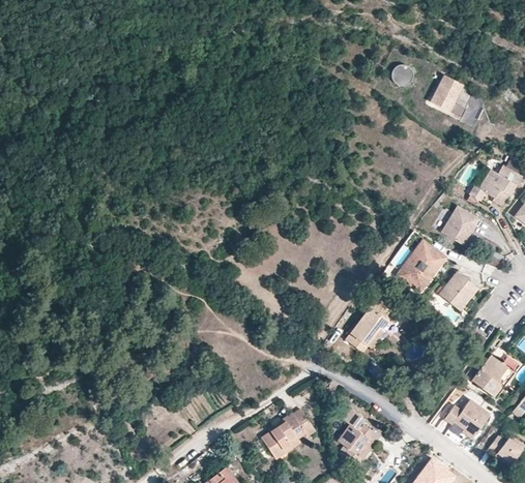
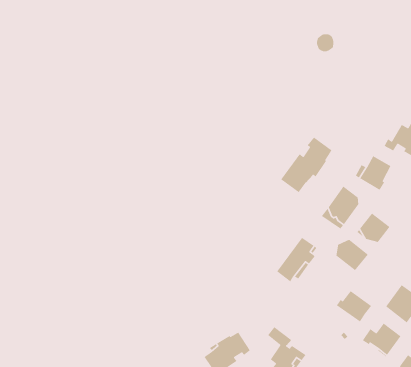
building: [430,74,466,117] -> none
building: none -> [280,137,332,193]
building: none -> [336,239,369,271]
building: none -> [336,290,372,322]

